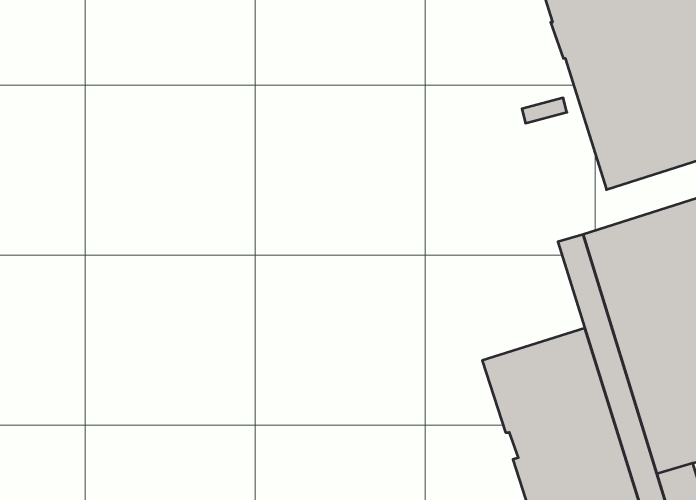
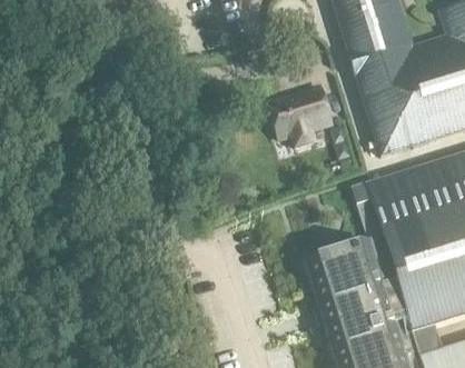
building: none -> [266,87,332,146]

